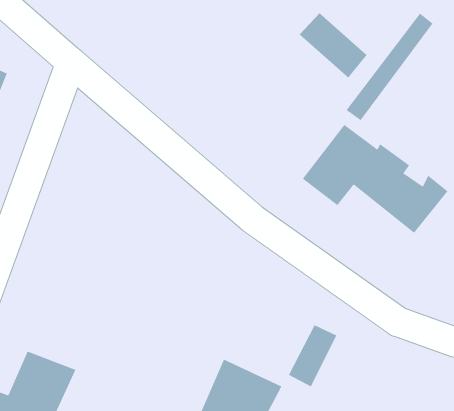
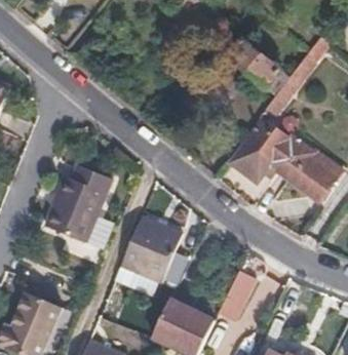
building: none -> [45,163,113,242]
building: none -> [122,220,184,286]

